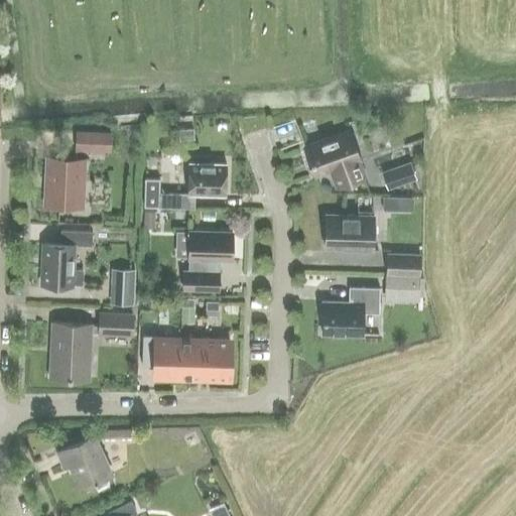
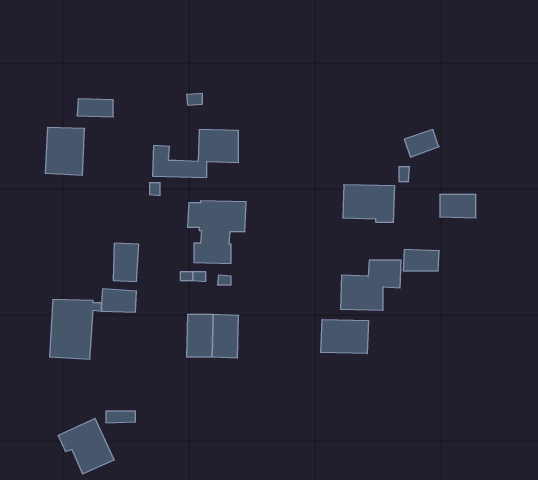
building: [306,131,366,186] -> none
building: [41,232,91,287] -> none
building: [387,255,421,277] -> [440,195,476,218]
building: [140,337,179,379] -> none
building: none -> [321,319,369,354]

